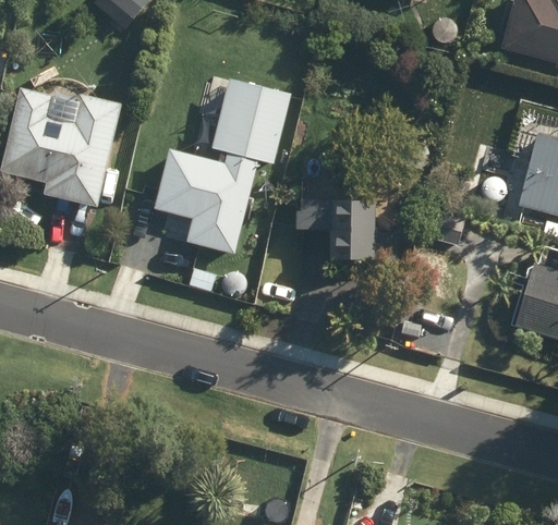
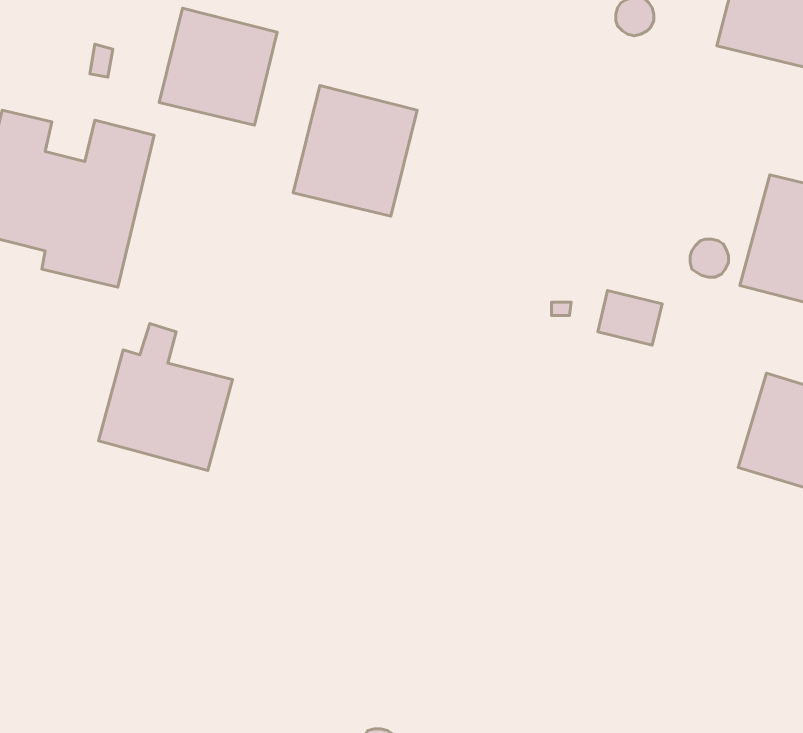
building: none -> [159,8,277,125]
building: [160,160,248,257] -> [99,323,233,471]
building: [292,199,393,267] -> none

